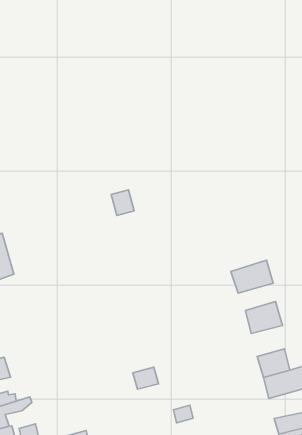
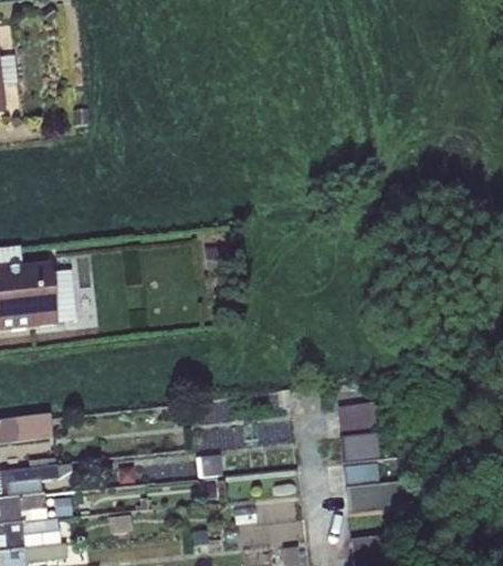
building: [231,260,273,293] -> none
building: none -> [338,431,378,462]

